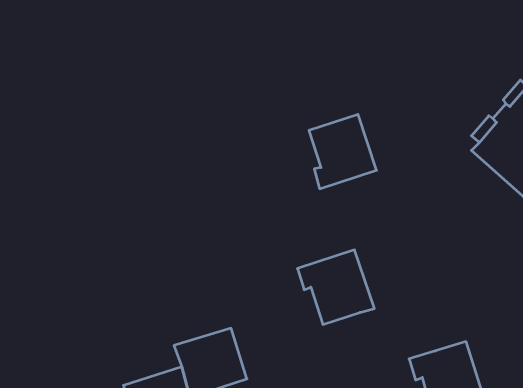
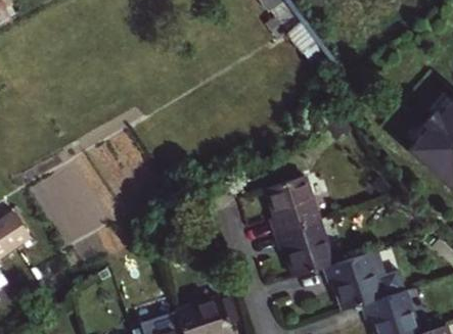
building: [309,114,377,189] -> [267,181,319,238]
building: none -> [323,257,381,315]

